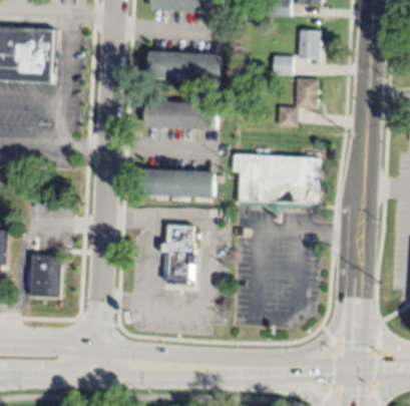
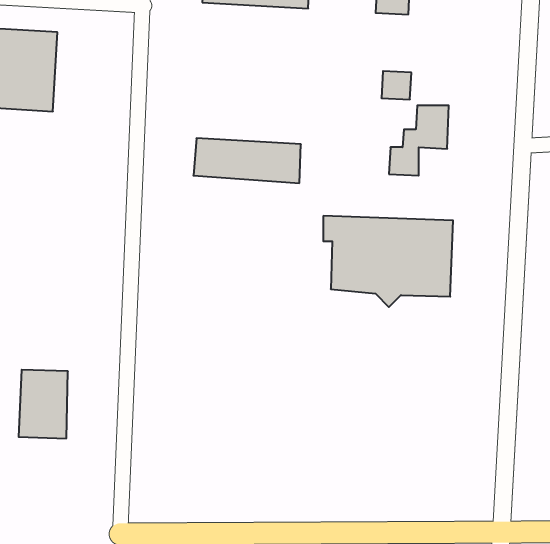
building: [298,29,320,59] -> none
building: [149,50,221,79] -> none
building: [144,168,215,196] -> none
building: [161,225,196,282] -> none

